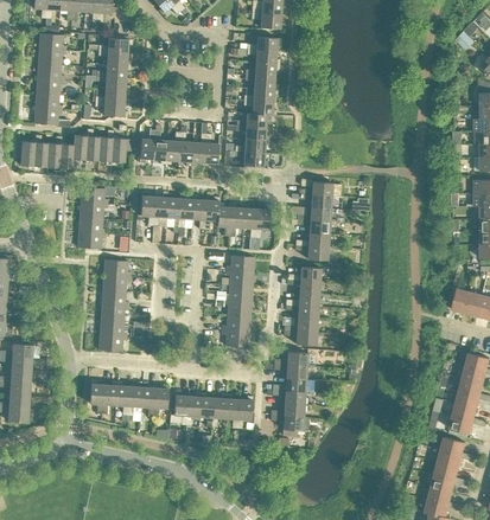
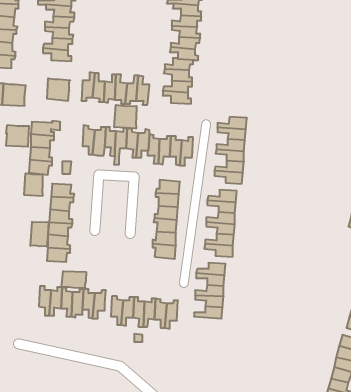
building: [74,135,101,160] -> [6,125,29,147]
building: none -> [114,105,136,129]
building: none -> [24,173,43,196]
building: none -> [30,222,48,247]
building: none -> [62,271,86,288]
building: [271,415,310,436] -> none

